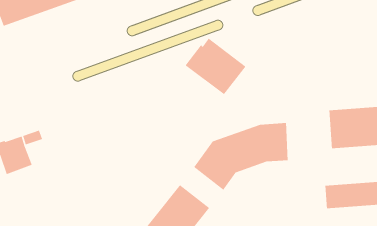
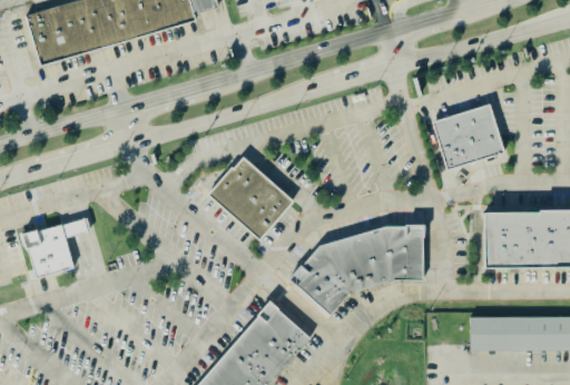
building: none -> [433,105,504,169]
building: [185,37,247,95] -> [207,158,293,239]

